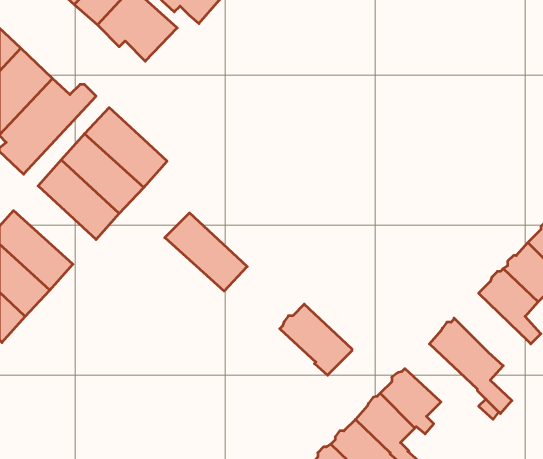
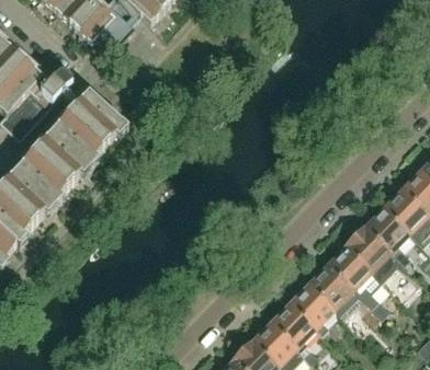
building: [165,213,247,291] -> [11,148,73,207]
building: none -> [344,229,399,284]
building: [280,304,352,375] -> [307,267,362,321]

